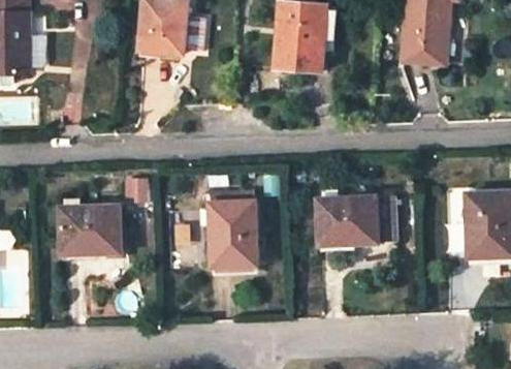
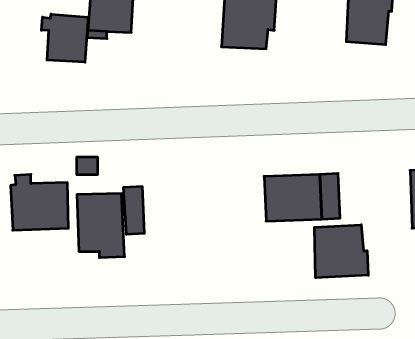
building: none -> [41,14,88,62]
building: [210,202,258,267] -> [77,194,125,258]
building: none -> [315,225,368,278]

